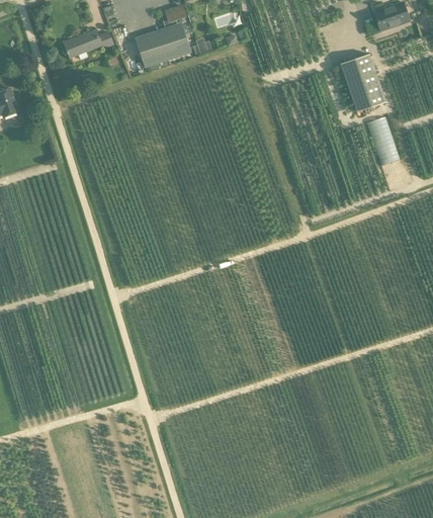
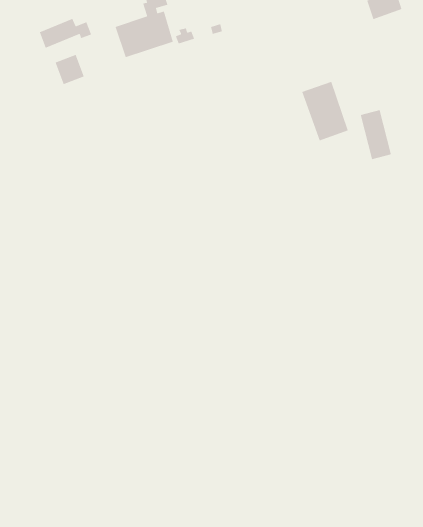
building: [339,55,384,112] -> [301,81,349,141]
building: none -> [55,54,85,85]

